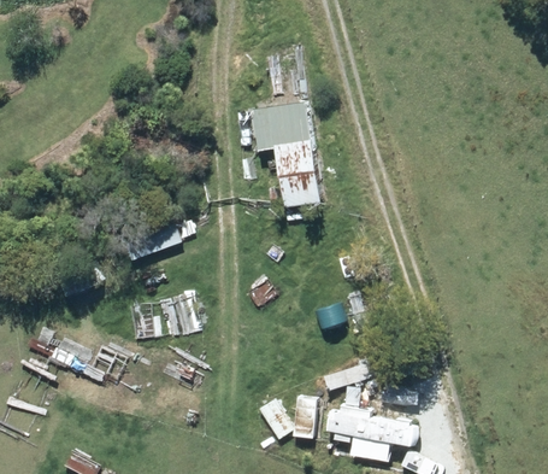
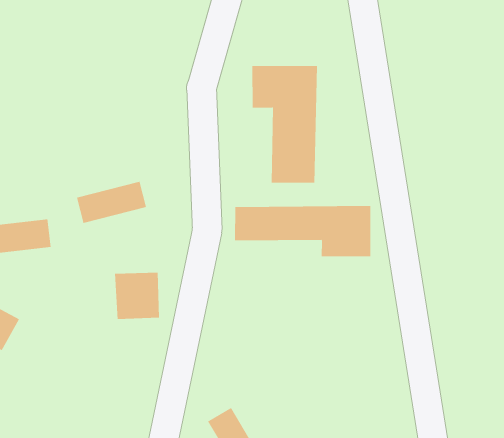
building: none -> [235,205,371,257]

